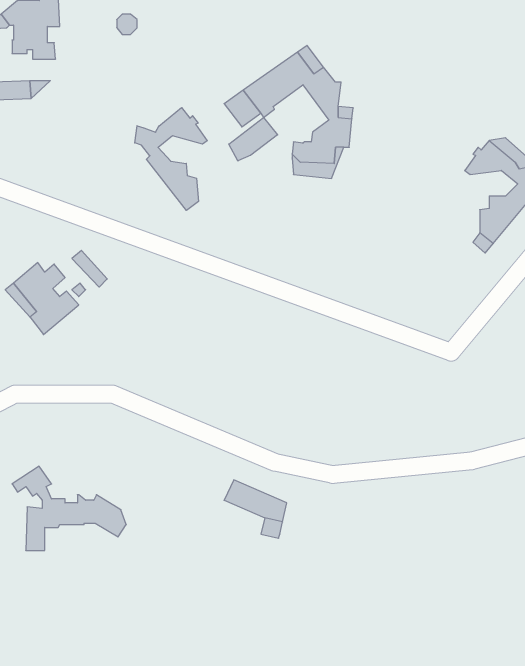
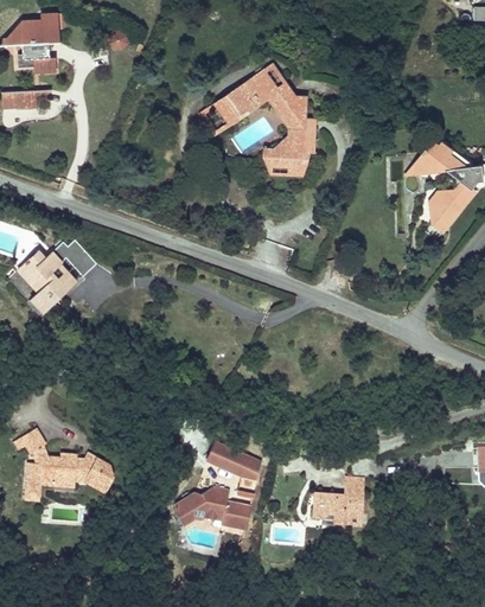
building: [135,108,207,210] -> none
building: [229,117,278,161] -> none
building: none -> [308,477,360,524]
building: none -> [171,486,248,528]

